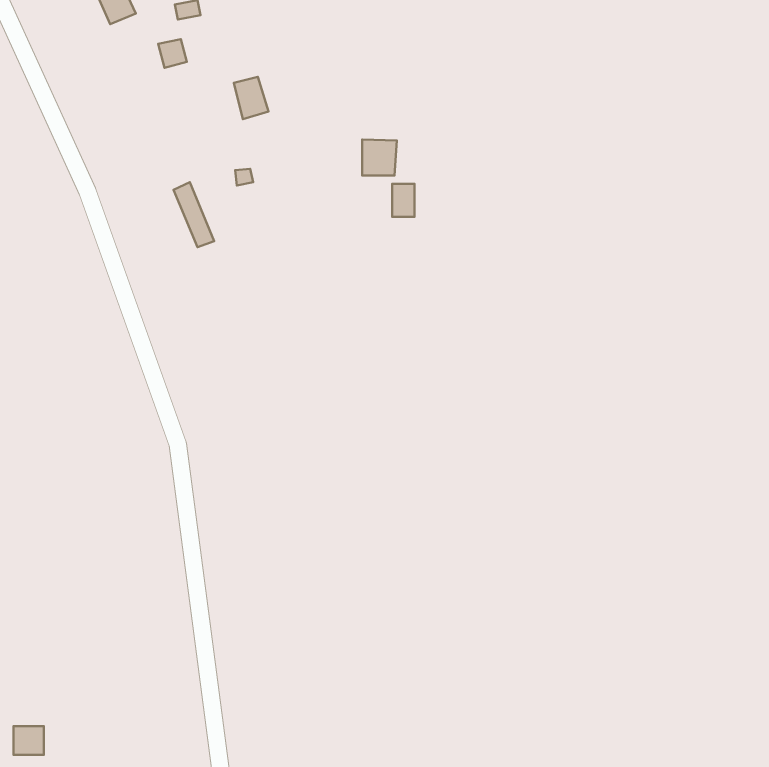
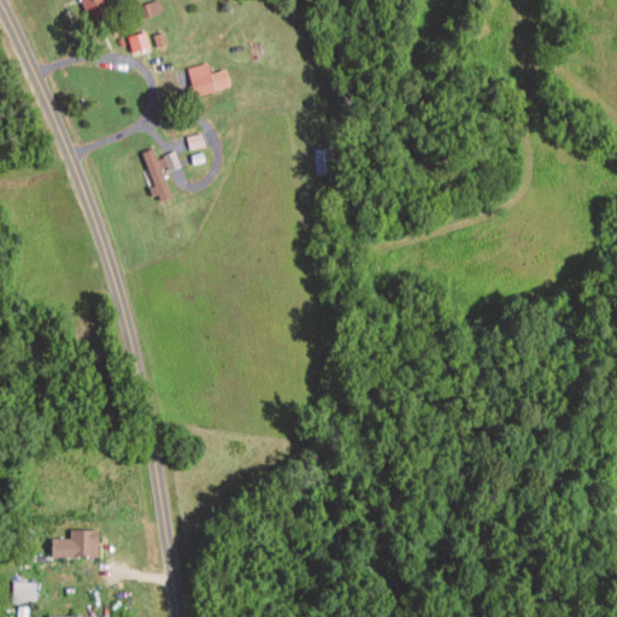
building: [362,139,397,175] -> none
building: none -> [52,529,98,557]

